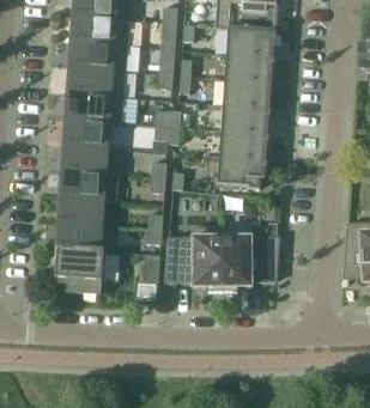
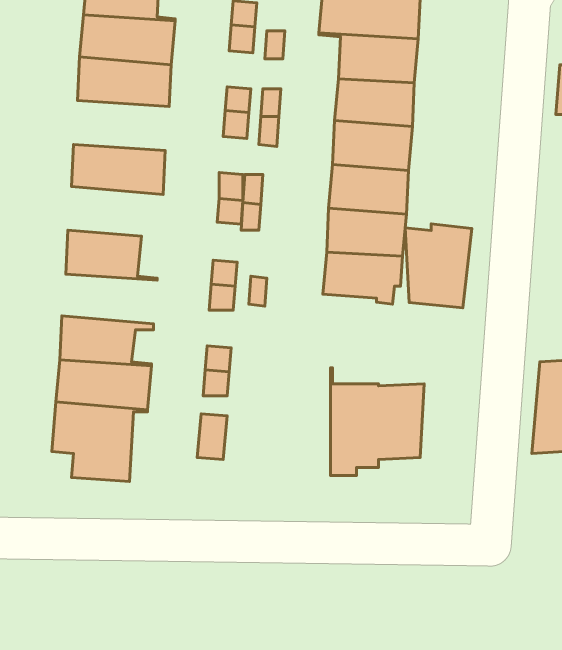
building: [67,66,125,96] -> none
building: [63,117,121,147] -> none
building: none -> [405,224,472,308]
building: [60,170,117,200] -> none
building: [165,226,222,291] -> none

